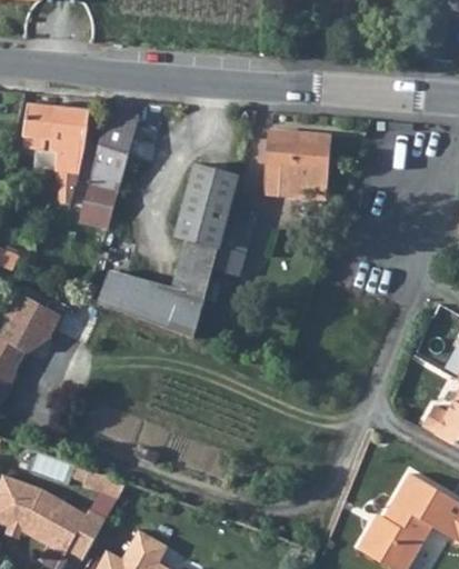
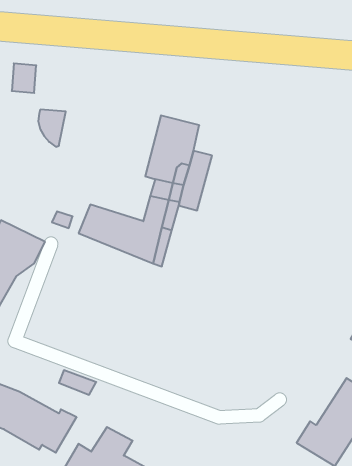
building: [53,113,91,166] -> none
building: [83,119,141,231] -> none
building: [265,139,332,207] -> none

